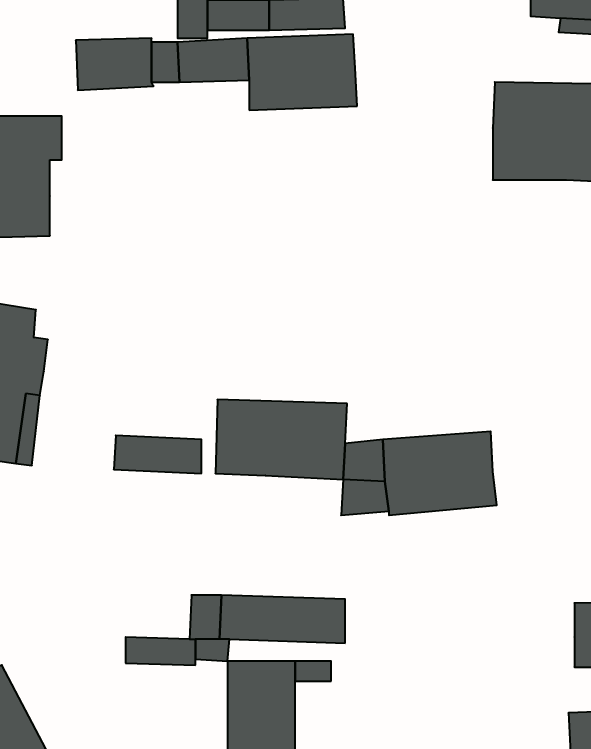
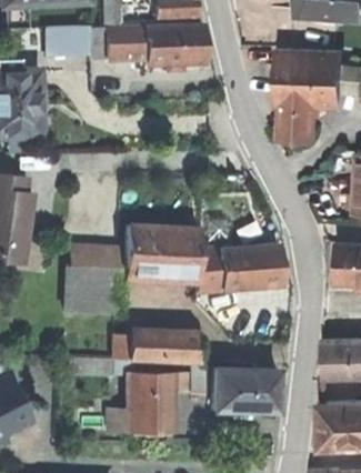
building: none -> [282,107,319,139]
building: none -> [63,268,116,314]
building: none -> [209,369,275,413]

